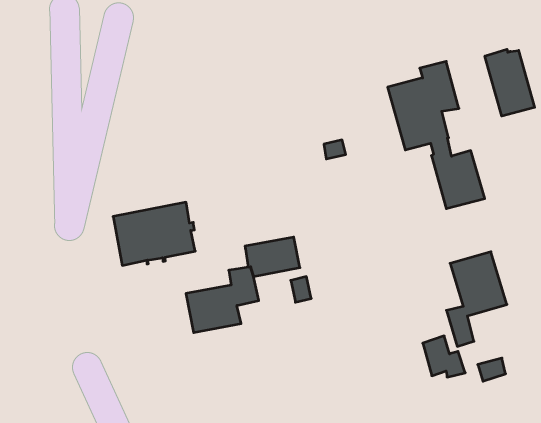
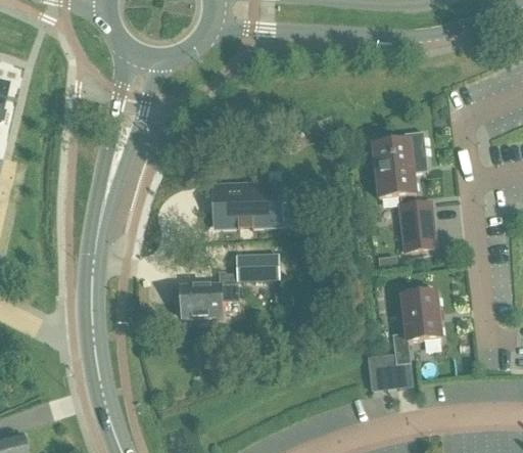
building: [485,49,535,116] -> none
building: [113,202,195,265] -> [216,182,280,227]

